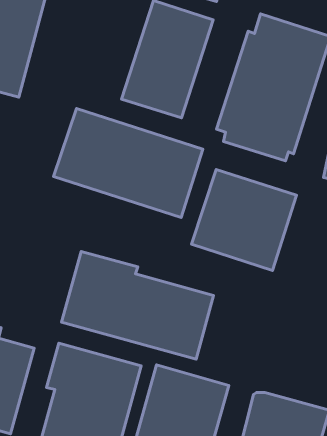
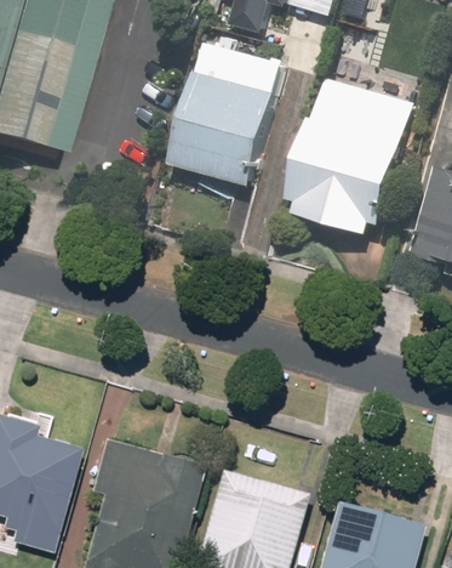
building: [54,109,203,218] -> none
building: [191,170,297,271] -> none
building: [62,251,213,359] -> none

